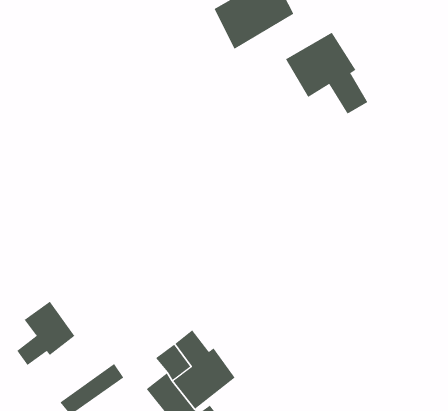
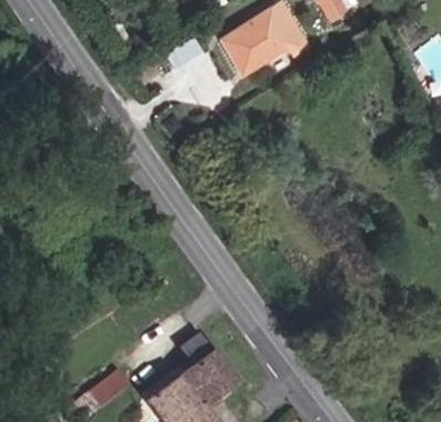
building: [285,32,368,114] -> none
building: [17,301,75,366] -> none

